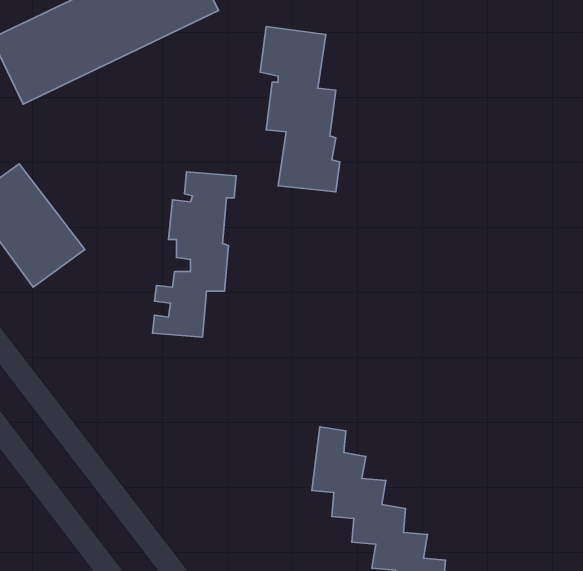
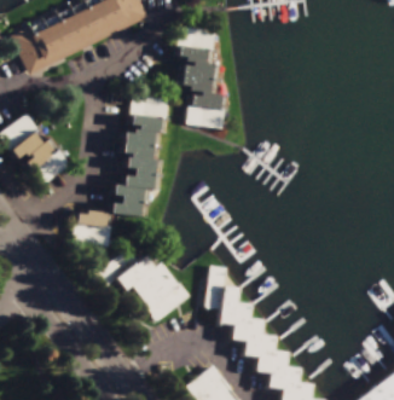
building: none -> [132,95,168,116]
building: none -> [74,210,110,242]
building: none -> [112,255,191,324]

